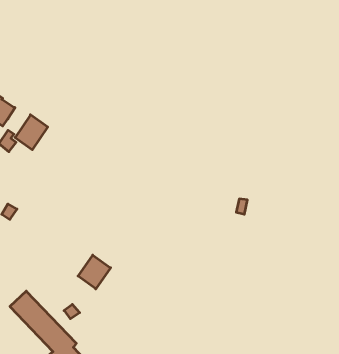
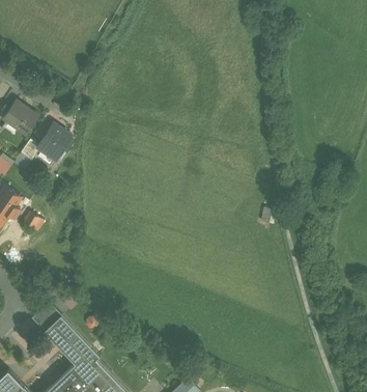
building: [78,255,111,289] -> none

